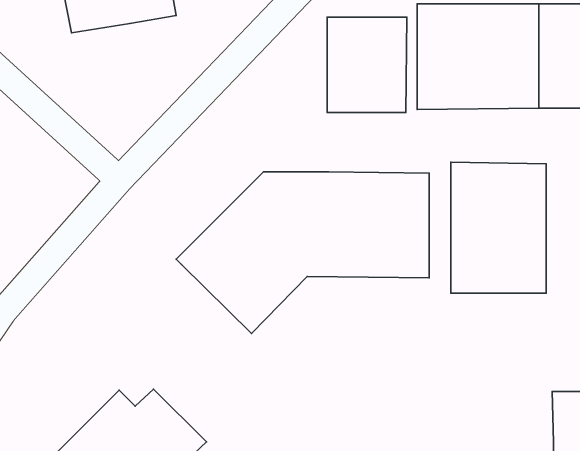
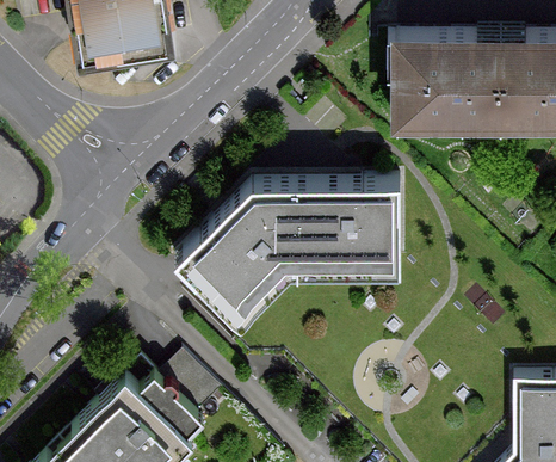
building: [327,17,407,113] -> none
building: [451,162,546,293] -> none

